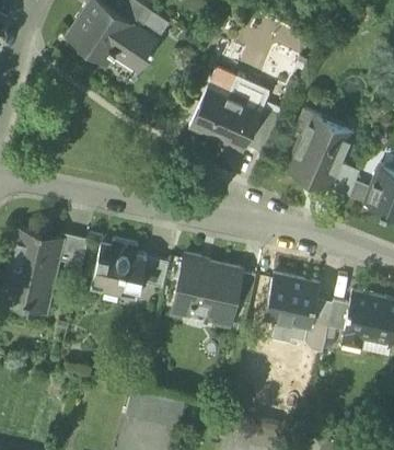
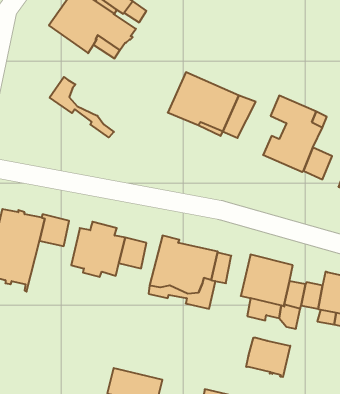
building: [208,69,269,109] -> none
building: none -> [50,77,114,137]
building: none -> [246,338,290,377]

